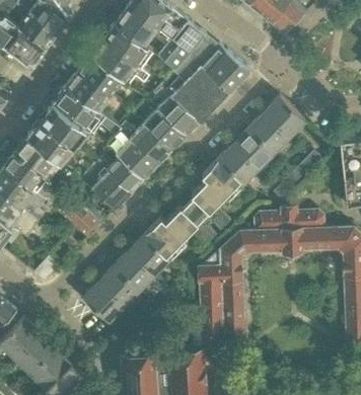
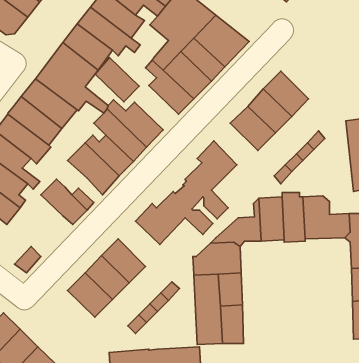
building: [144,110,185,151] -> [95,58,139,102]
building: [217,145,258,186] -> none
building: [129,235,170,276] -> none

